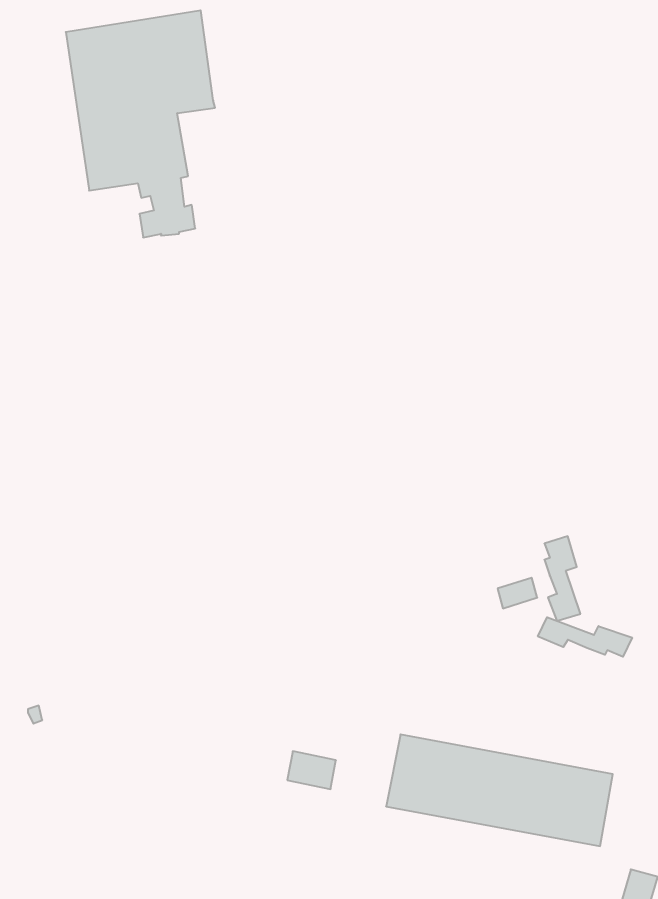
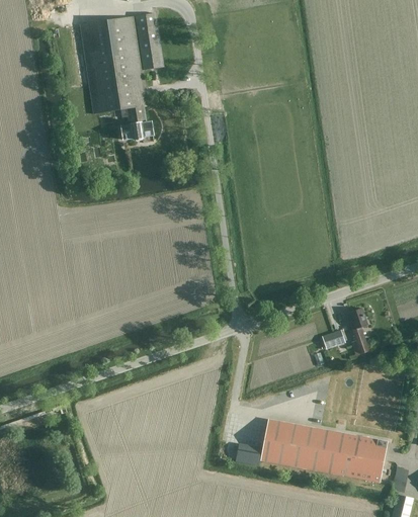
building: [538,617,632,657] -> none
building: [287,751,336,789] -> [234,444,261,465]

